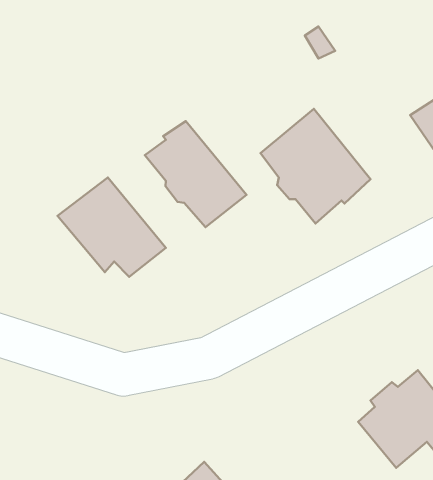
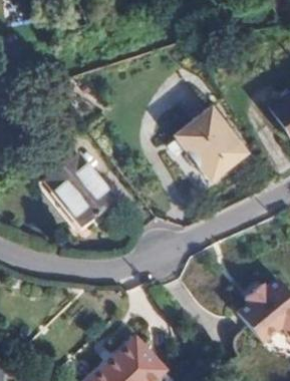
building: [145,121,247,227] -> none

